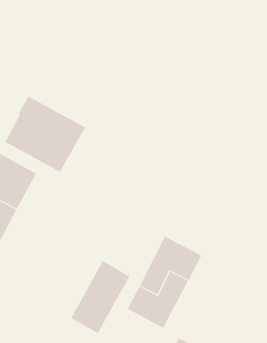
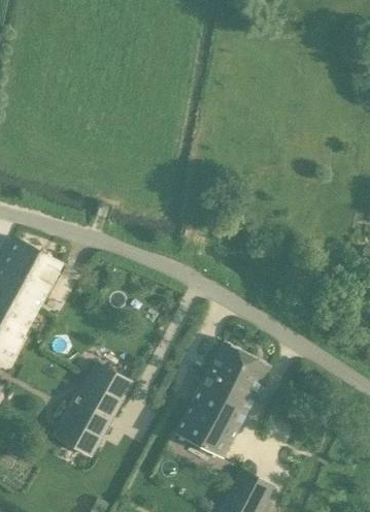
building: [4,96,86,172] -> none
building: [70,260,130,334] -> [56,363,131,456]

